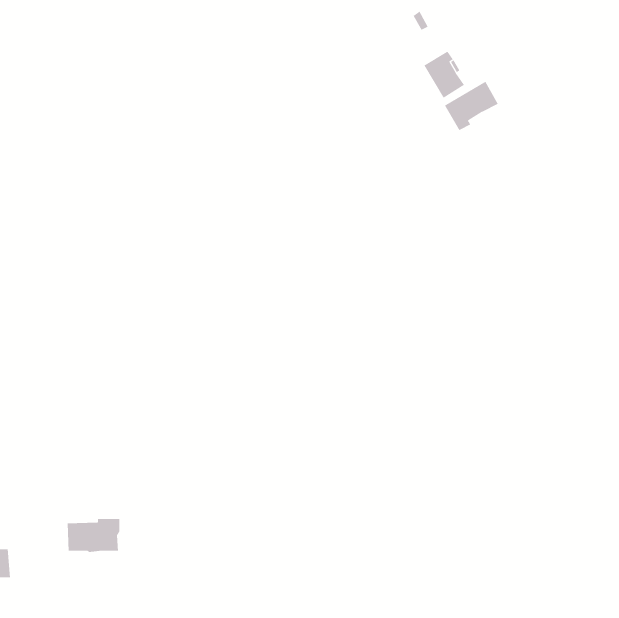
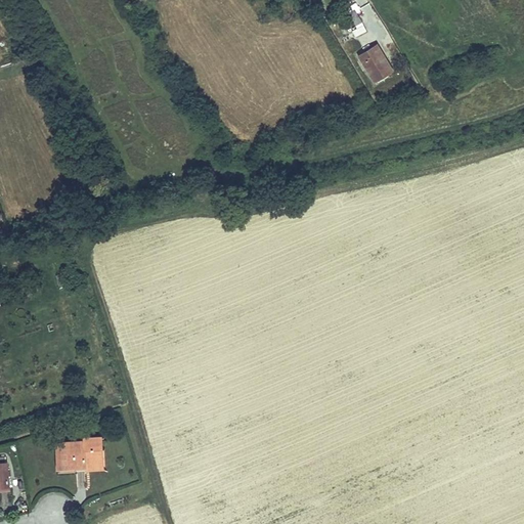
building: [444,81,499,131] -> none

